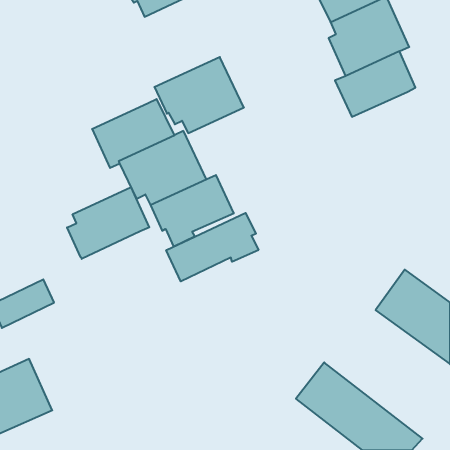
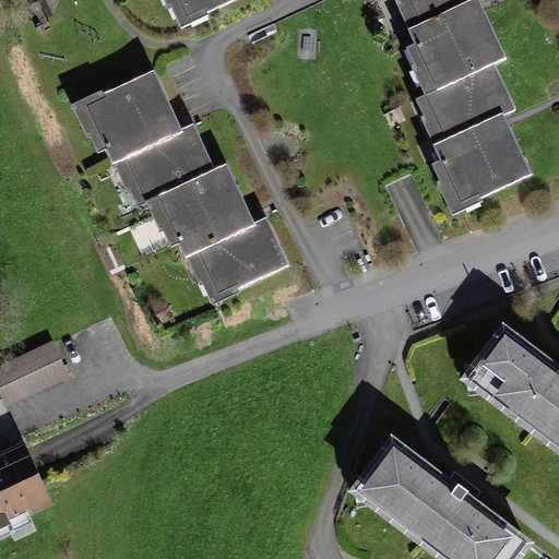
building: [154,57,244,133] -> [72,66,182,159]
building: none -> [429,114,528,215]
building: [67,187,149,259] -> none
building: [166,213,258,281] -> none

